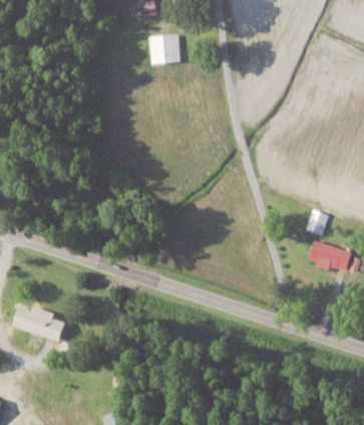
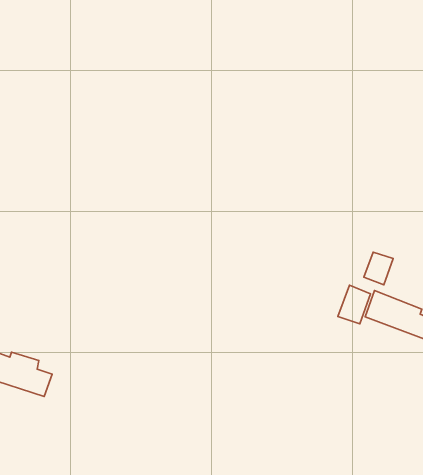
building: [148,34,178,63] -> none
building: none -> [338,285,370,324]

